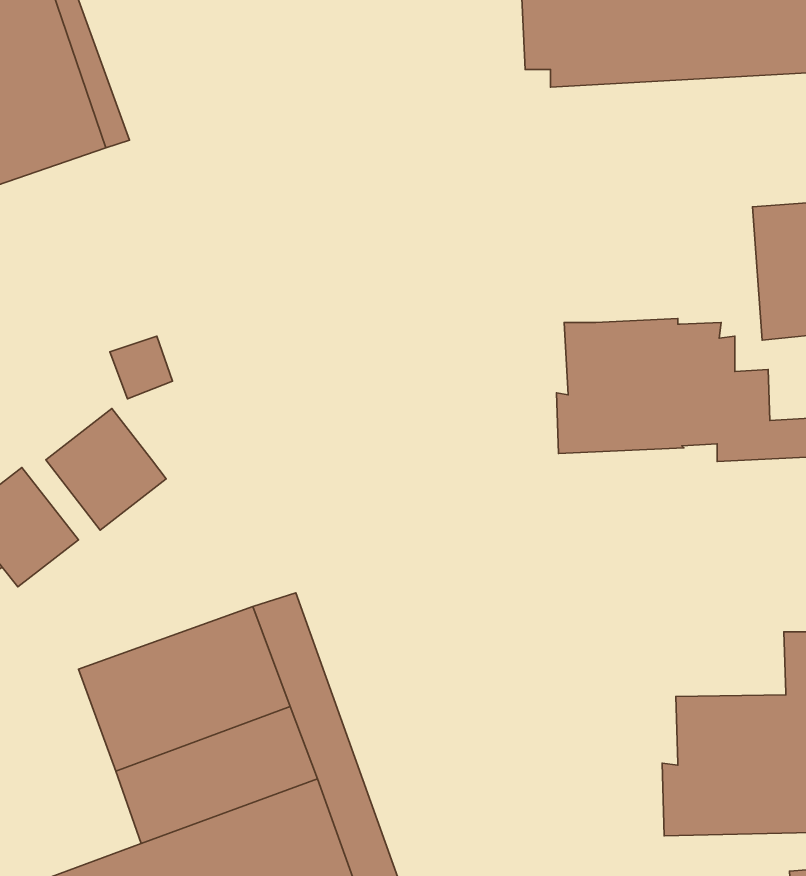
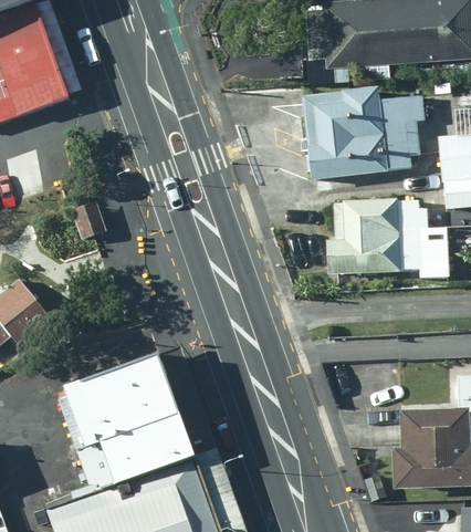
building: none -> [297,85,422,178]
building: [46,408,166,530] -> none

